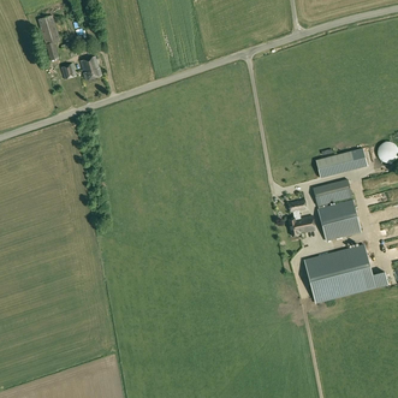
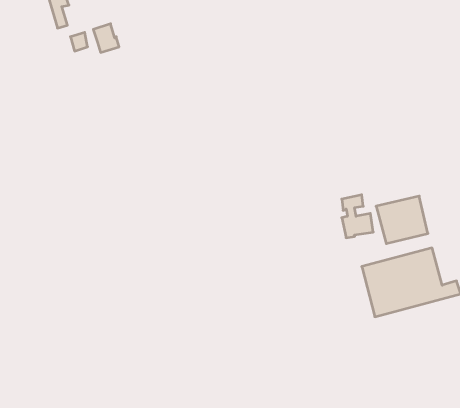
building: [314,150,355,178] -> none
building: [313,179,351,206] -> none

